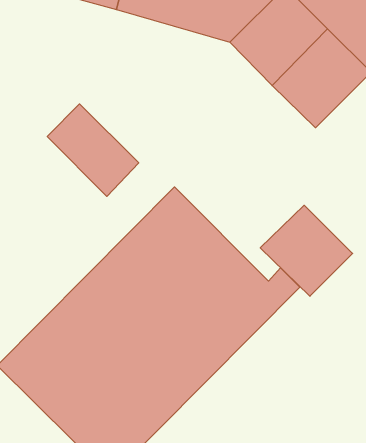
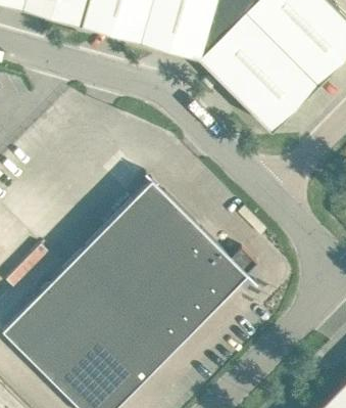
building: [47,104,139,196] -> none
building: [260,205,353,296] -> none

